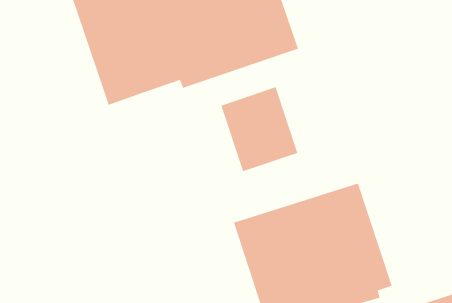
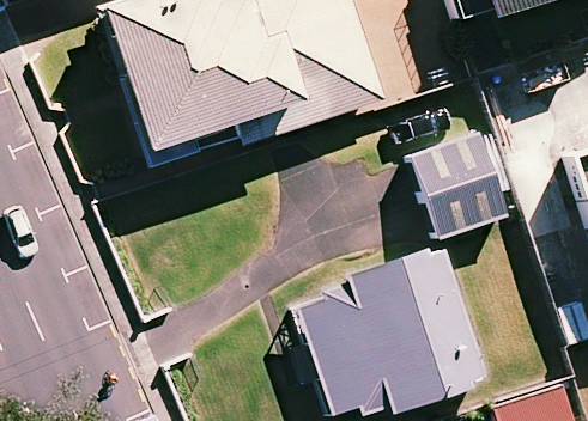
building: [220,87,298,172] -> [414,128,508,231]

